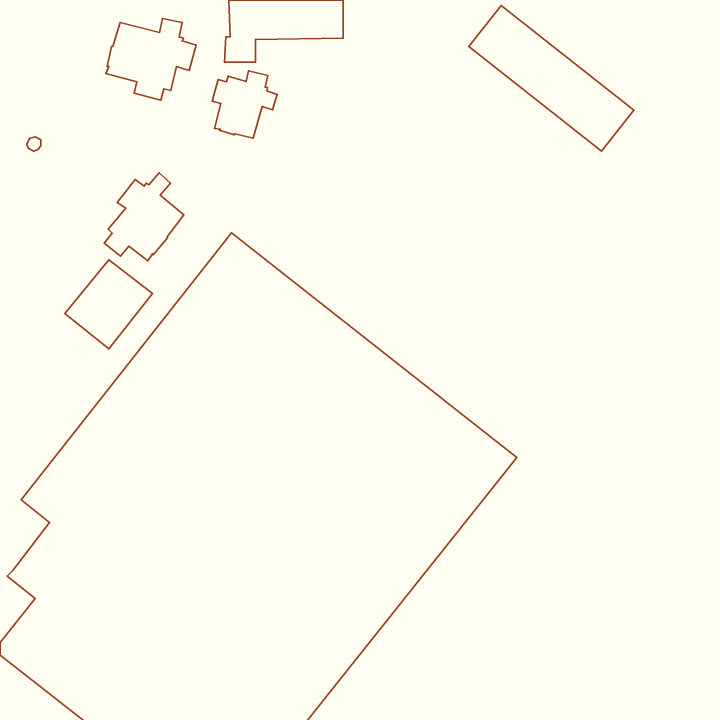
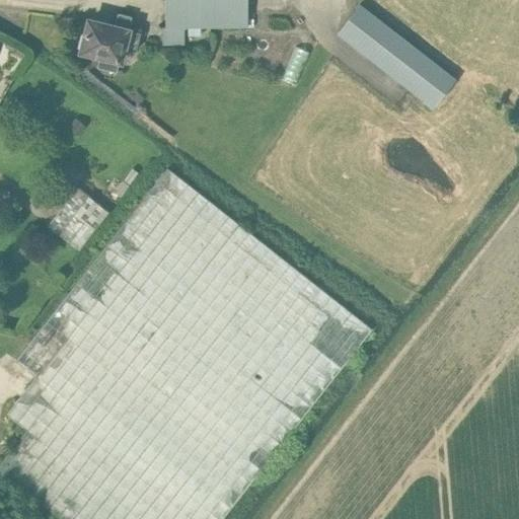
building: [212,71,277,138] -> none
building: [104,173,184,261] -> none

